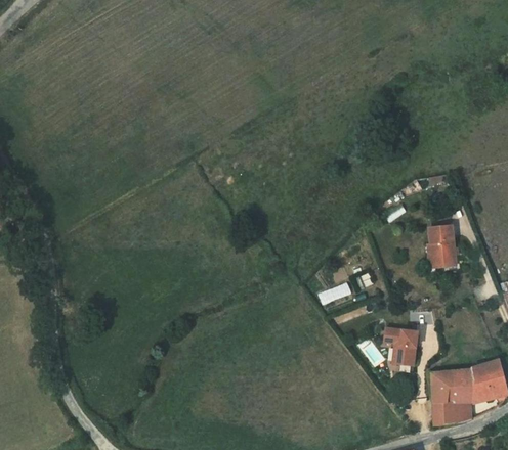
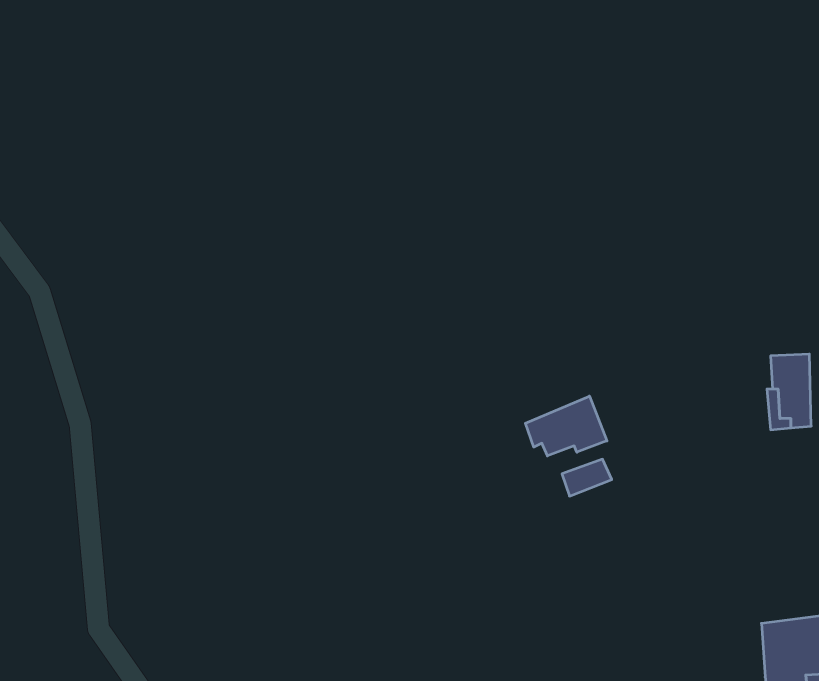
building: none -> [525,396,607,456]
building: [382,325,417,361] -> none

